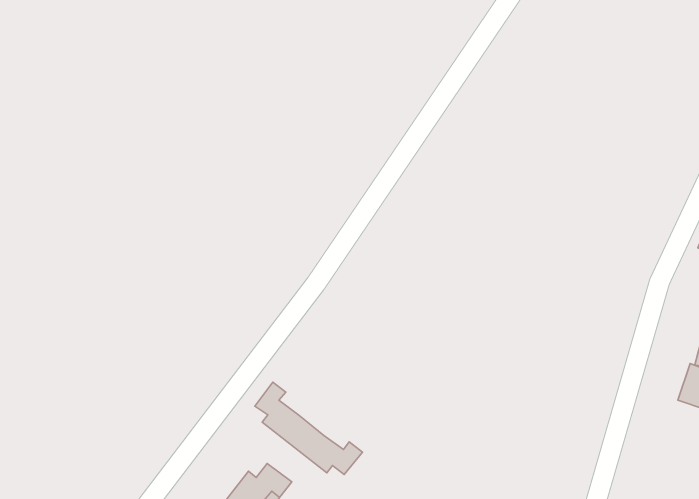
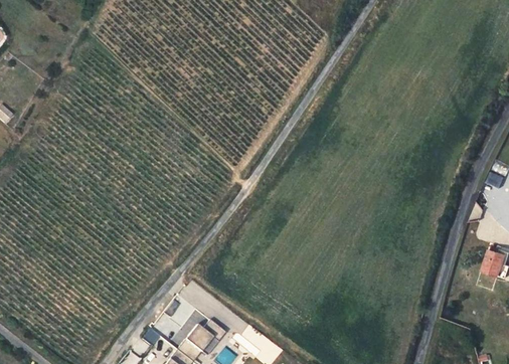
building: [255,382,362,475] -> none

